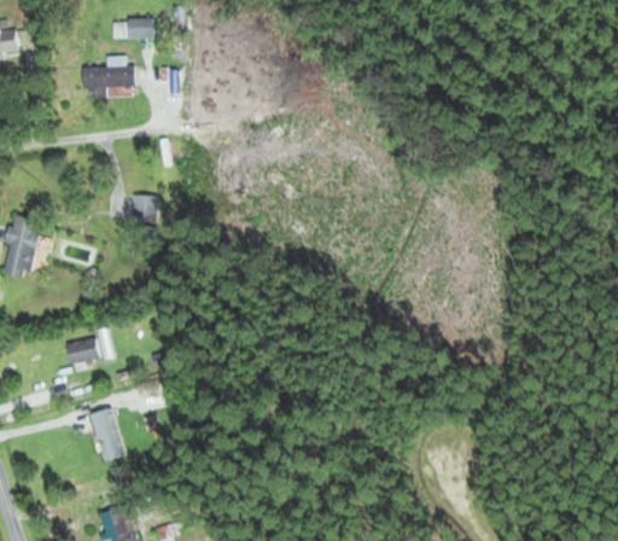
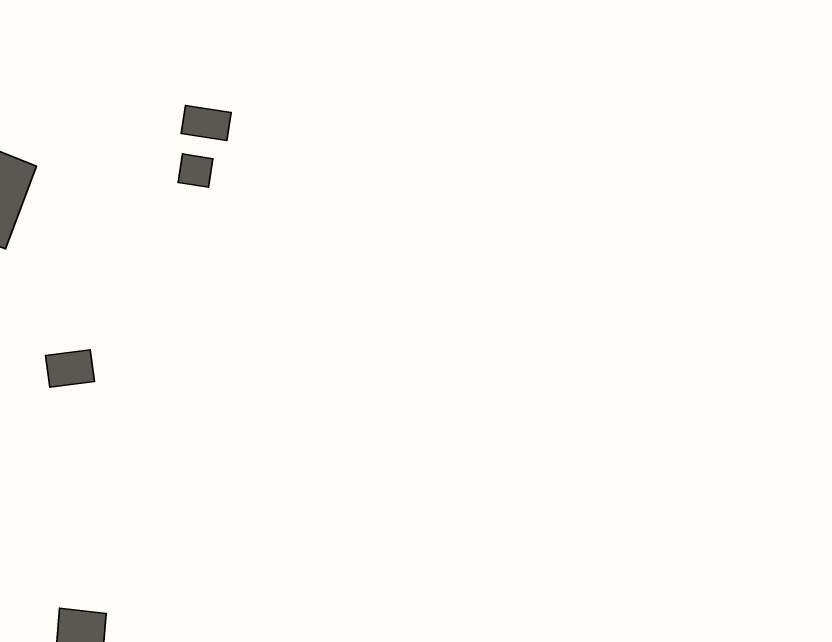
building: none -> [181,106,231,141]
building: [92,407,126,463] -> none

